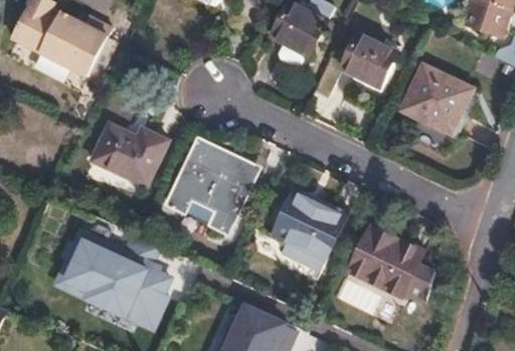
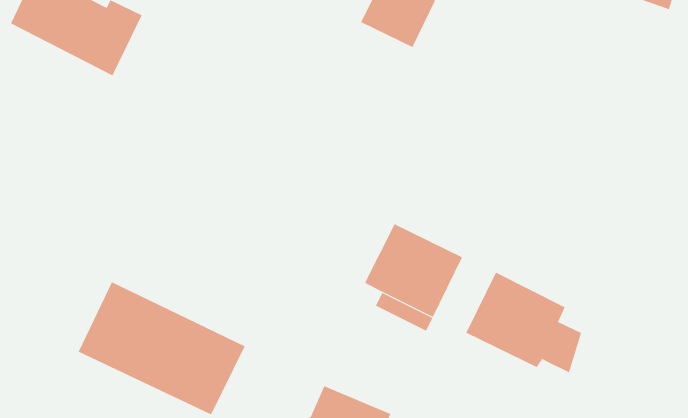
building: [340,33,396,89] -> none
building: [402,66,473,135] -> none
building: [92,123,166,184] -> none
building: [168,137,256,228] -> none

